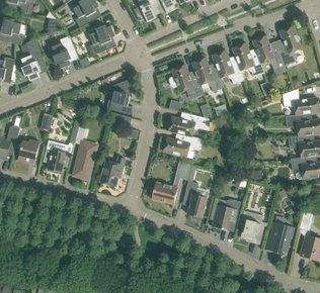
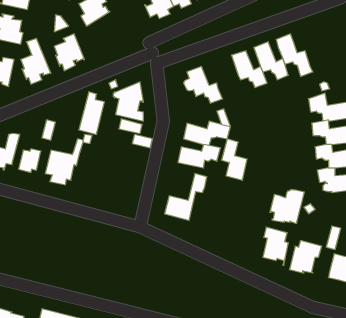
building: [88,25,116,55] -> none
building: [278,25,301,66] -> none
building: [191,58,224,91] -> none
building: [72,140,95,179] -> [79,92,104,134]
building: [99,158,125,186] -> none
building: [182,180,206,217] -> [221,139,247,180]
building: [209,199,240,229] -> [270,190,304,223]

